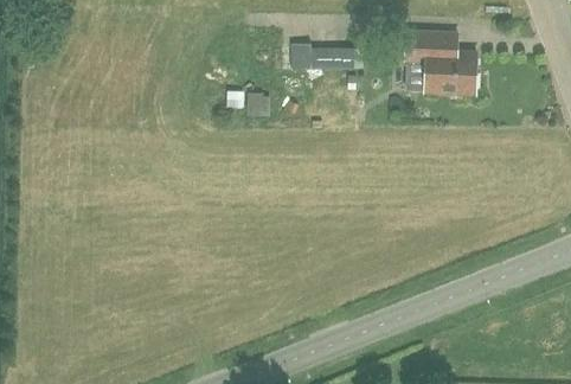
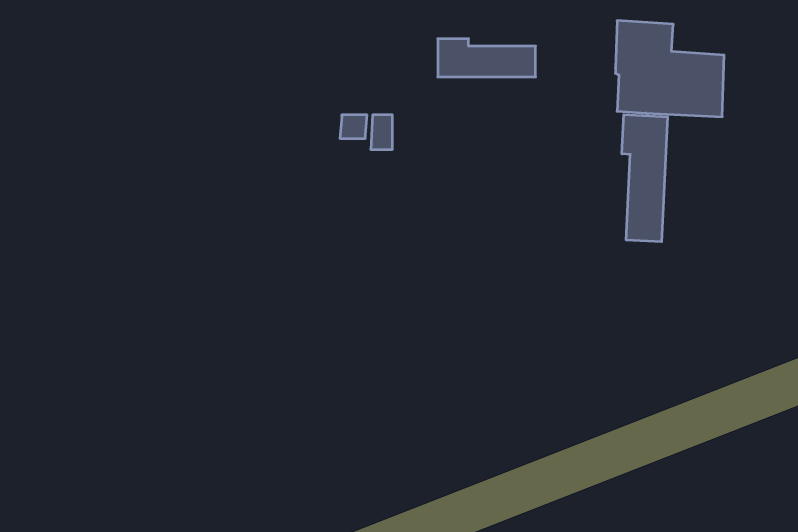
building: none -> [622,115,667,242]

